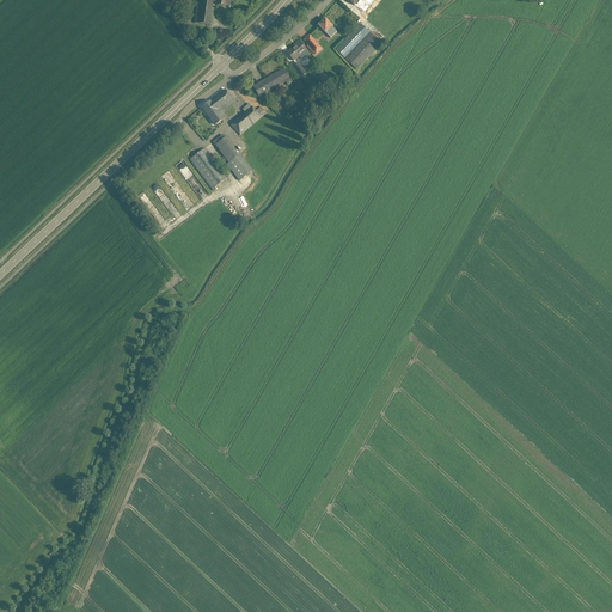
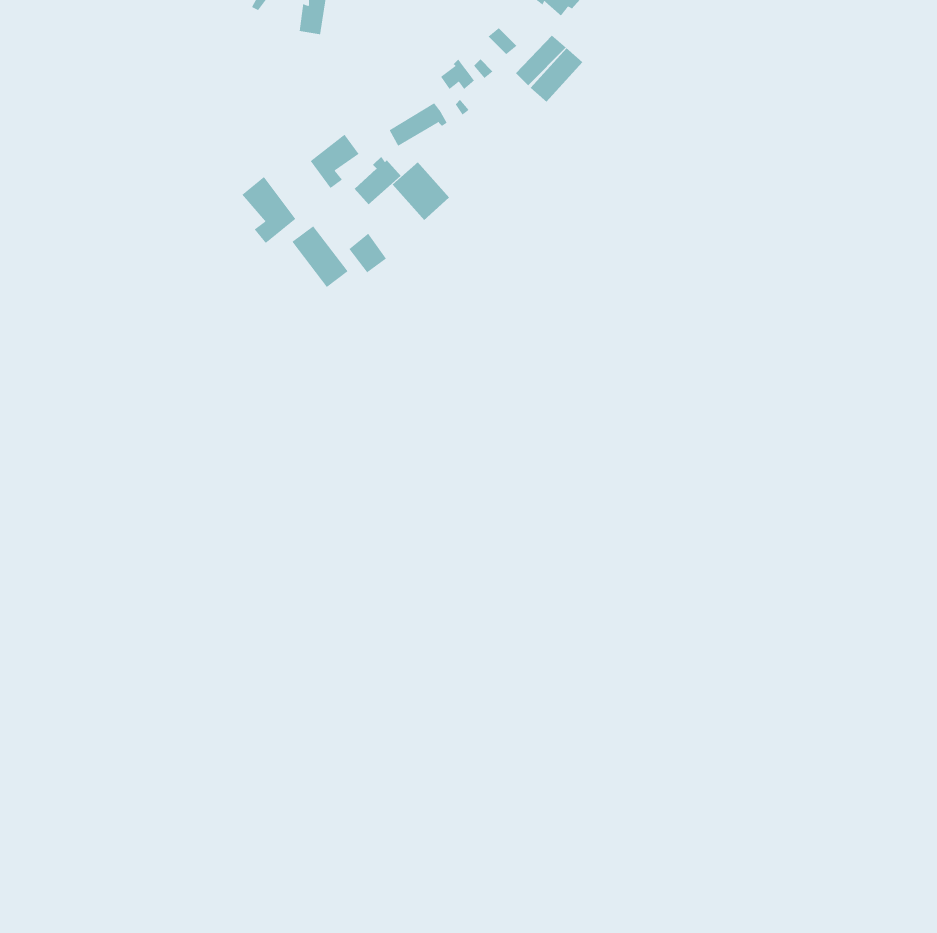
building: none -> [392,161,450,221]
building: none -> [242,176,296,244]

